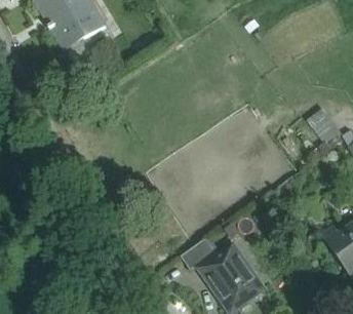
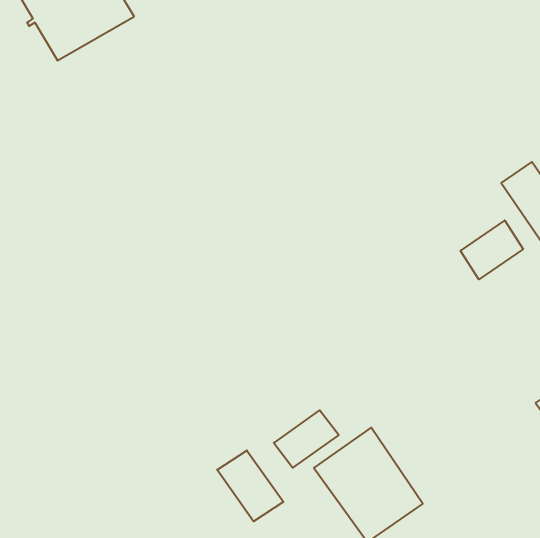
building: none -> [461,220,523,279]
building: none -> [217,450,283,521]

